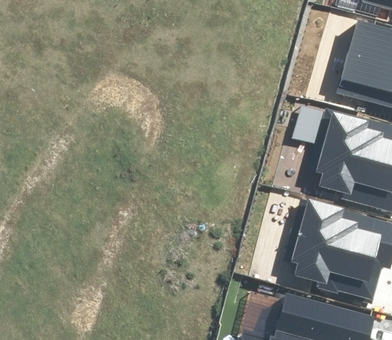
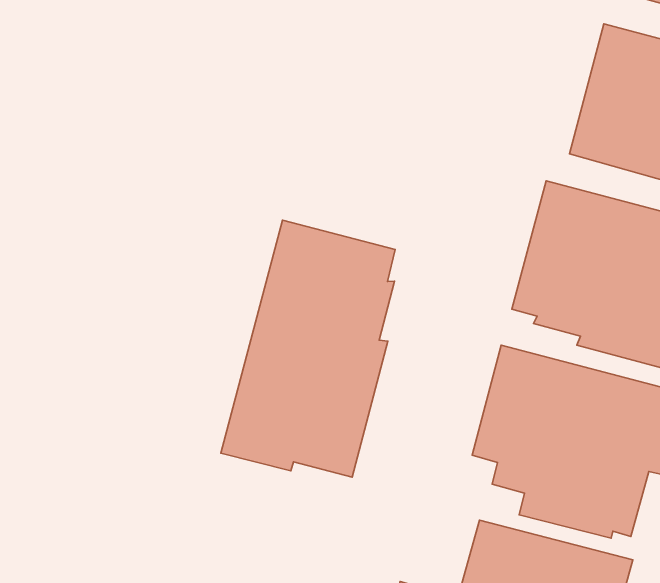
building: none -> [221,220,395,477]

